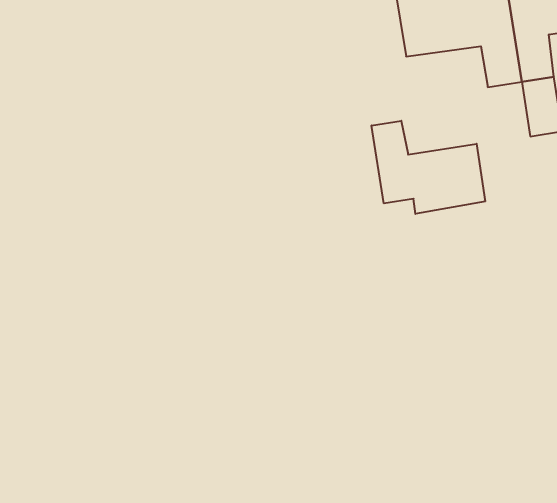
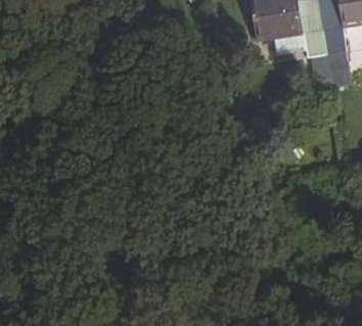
building: [372,121,485,214] -> none

